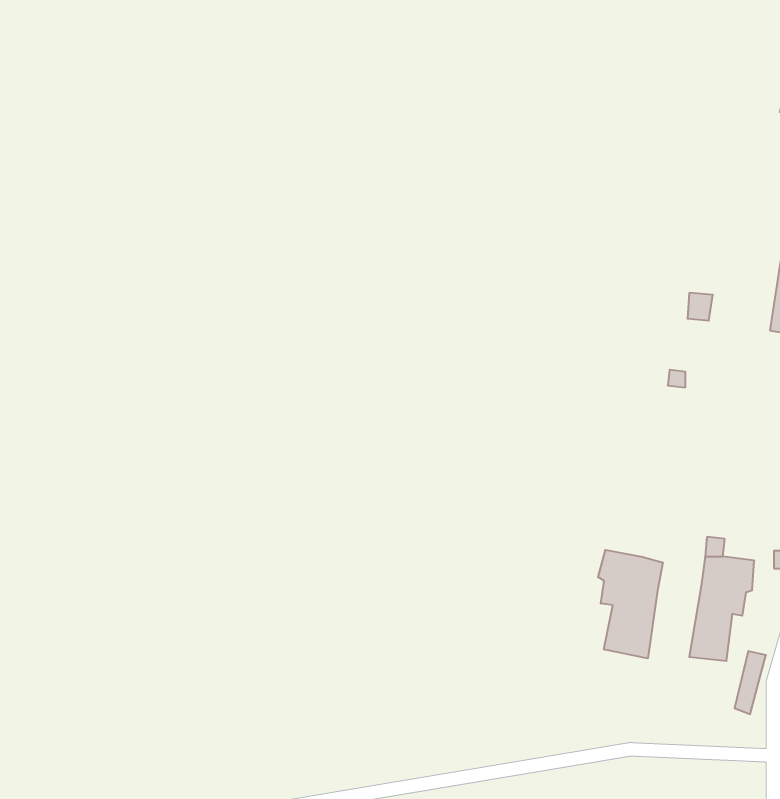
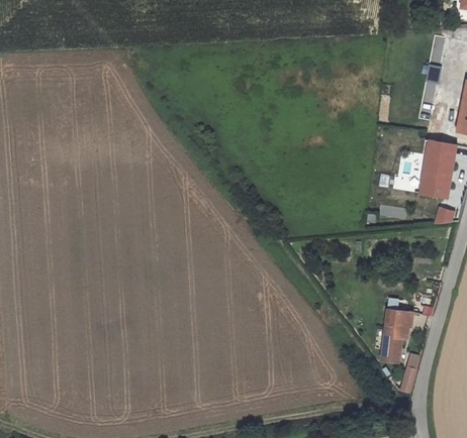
building: [598,550,663,658] -> none

